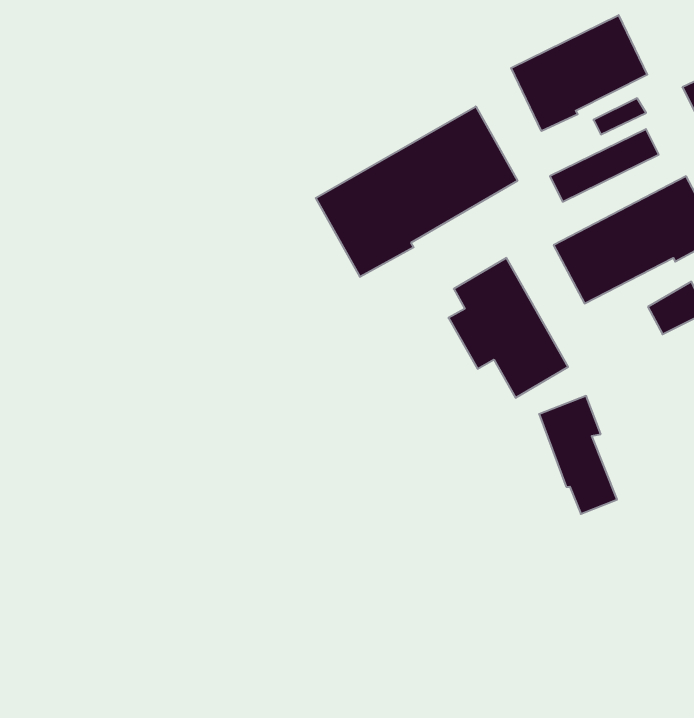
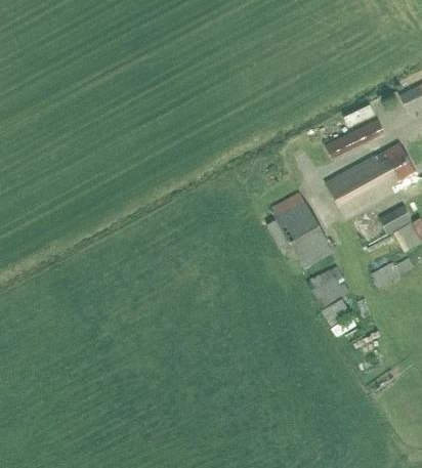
building: [511,15,647,131] -> none
building: [316,106,517,277] -> none

